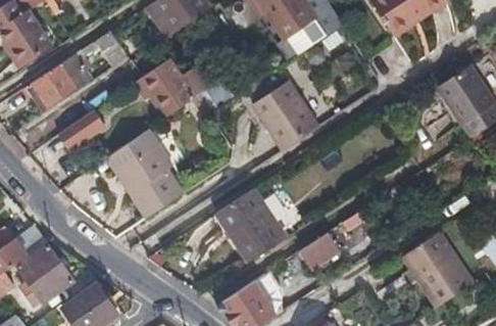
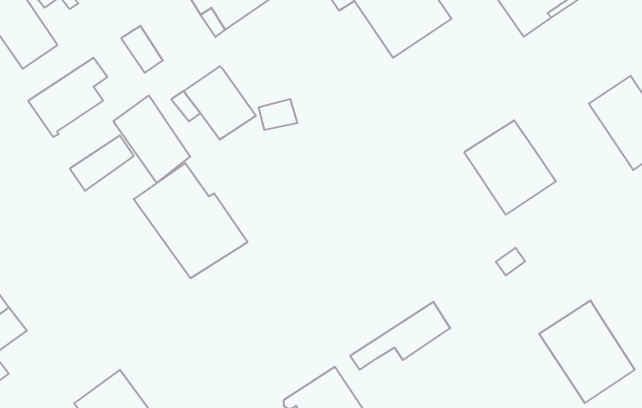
building: [251,81,318,150] -> [464,120,556,215]
building: none -> [114,96,190,183]
building: [215,186,286,263] -> none
building: [16,244,73,304] -> none

